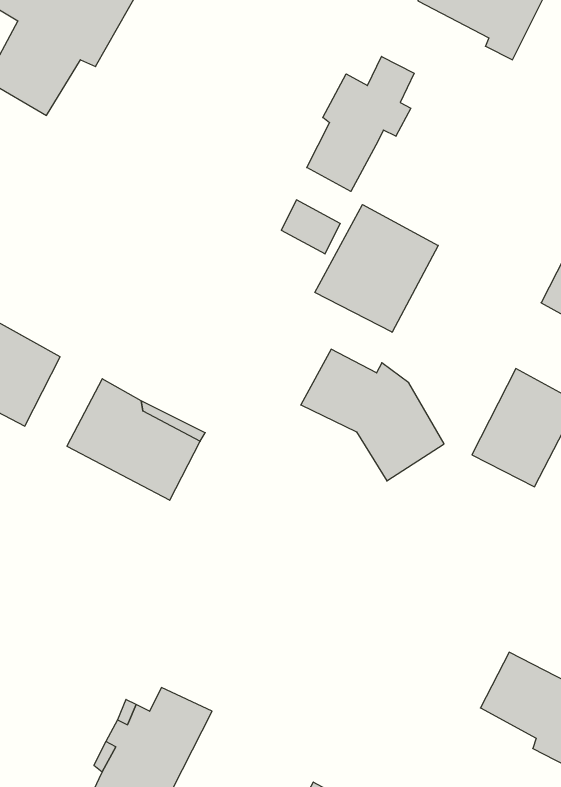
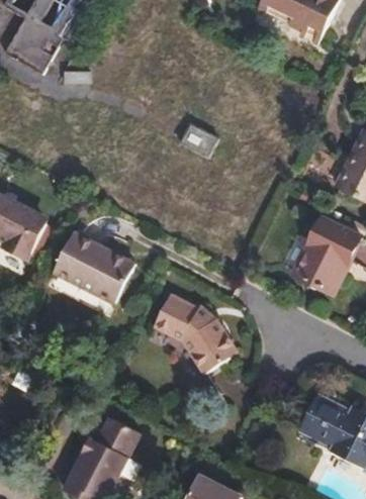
building: [307,56,414,191] -> none
building: [315,205,438,332] -> none
building: [301,349,444,481] -> [150,295,236,374]

